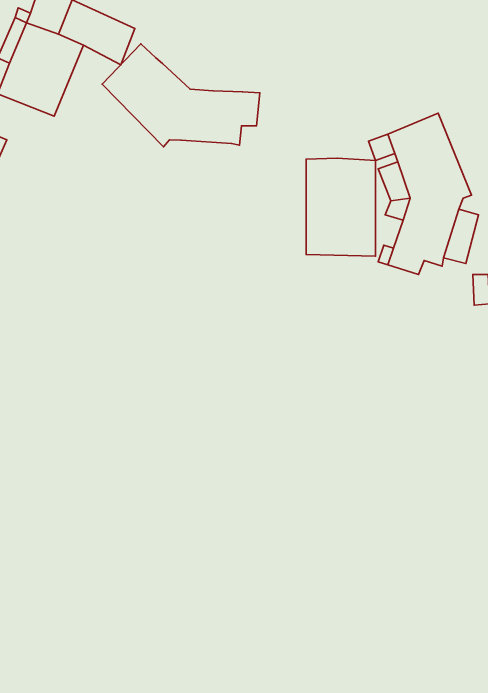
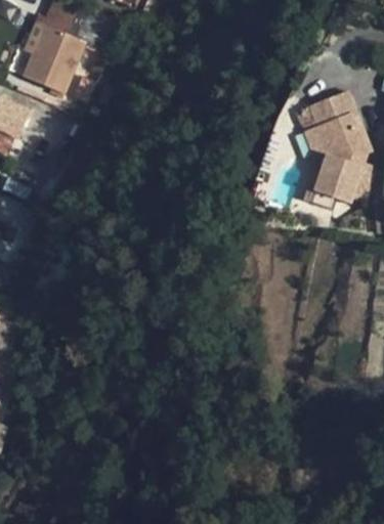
building: [102,44,260,147] -> none
building: [306,158,376,256] -> none

